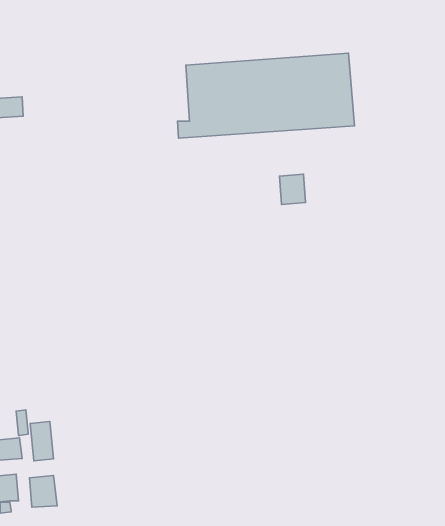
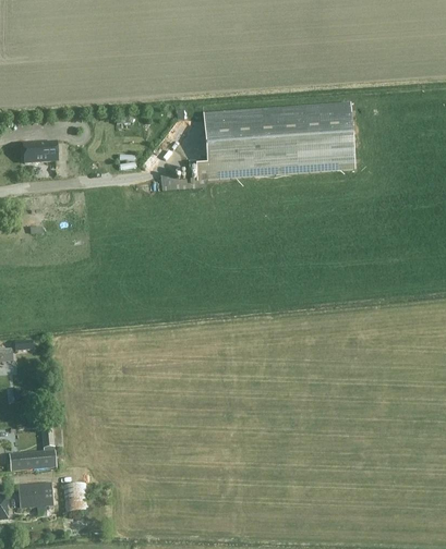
building: [279,174,305,204] -> none
building: [30,422,53,461] -> none

